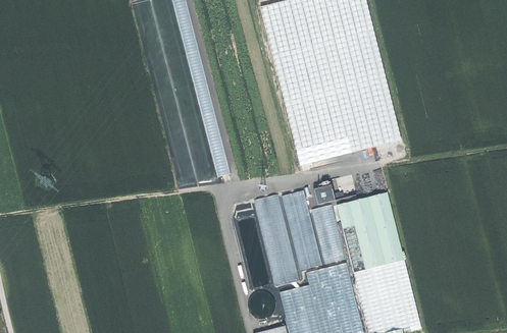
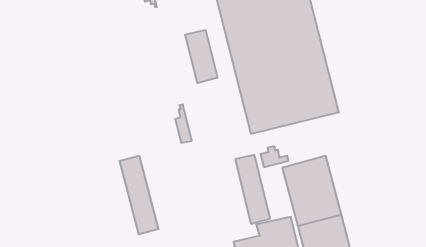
building: none -> [185,30,217,83]
building: [253,195,299,286] -> [119,156,159,234]
building: [310,205,345,264] -> none

